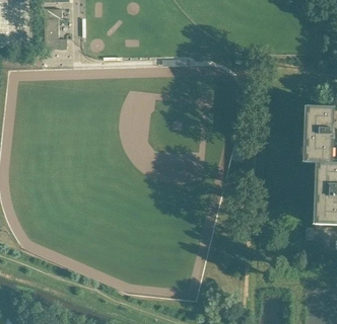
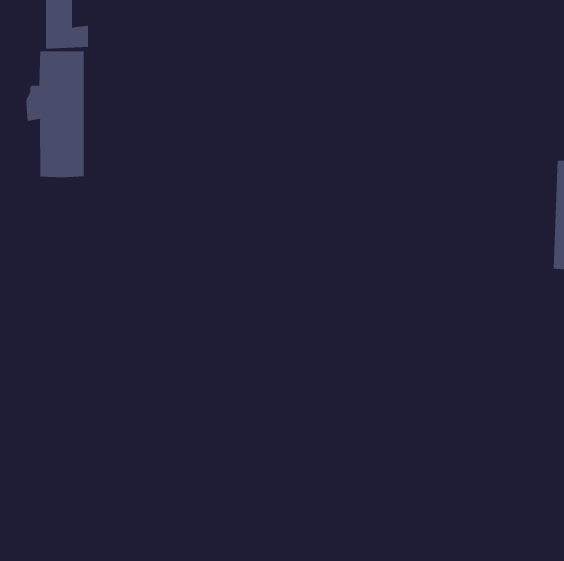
building: none -> [26,50,84,178]

